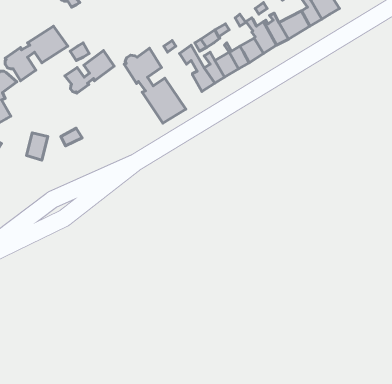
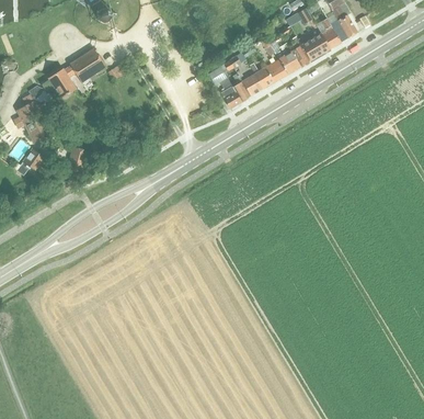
building: [124,48,186,123] -> none
building: [65,50,114,93] -> none

